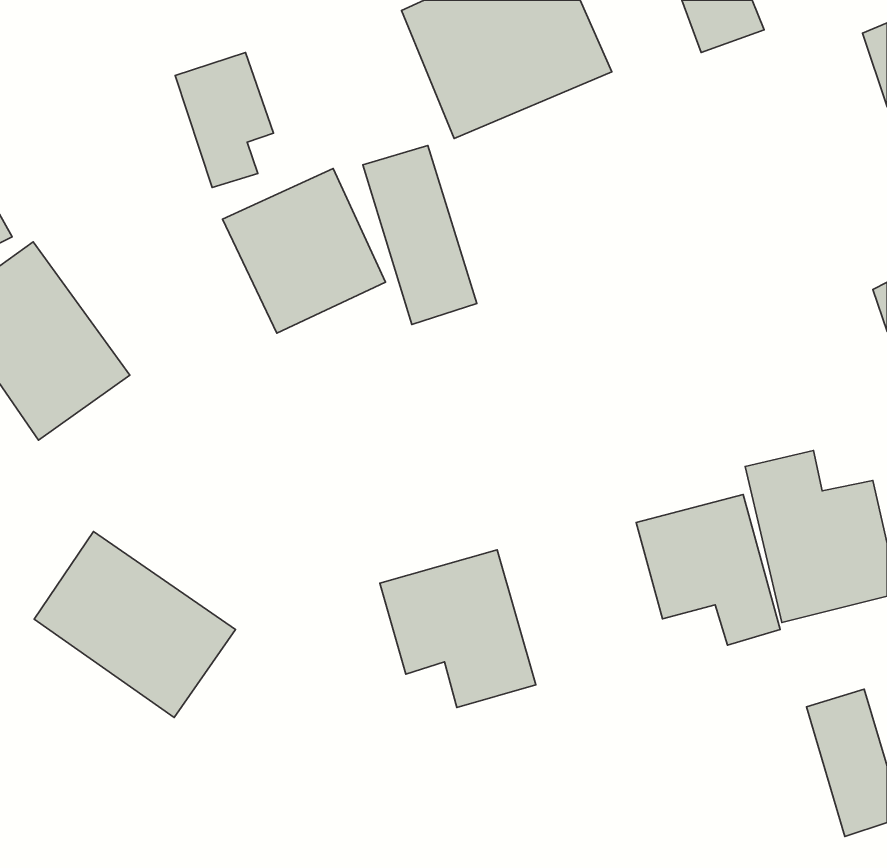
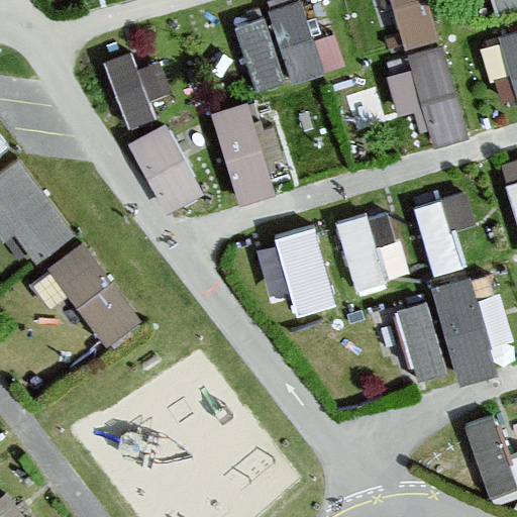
building: none -> [385,49,469,143]
building: none -> [414,189,489,272]
building: none -> [334,212,410,288]
building: [34,531,236,717] -> [32,242,148,349]
building: [380,550,536,708] -> [247,224,337,315]

